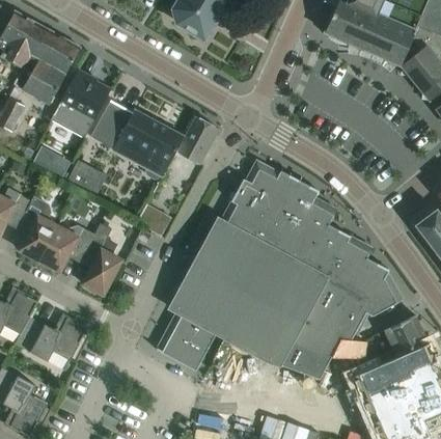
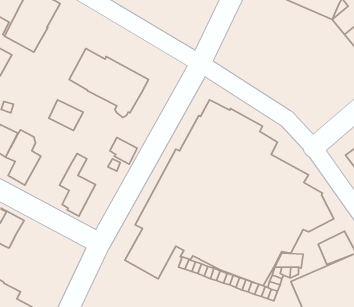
building: [51,71,110,138] -> none
building: [175,115,218,165] -> none
building: [34,147,70,177] -> none
building: [38,225,93,271] -> none
building: [15,313,86,371] -> none

